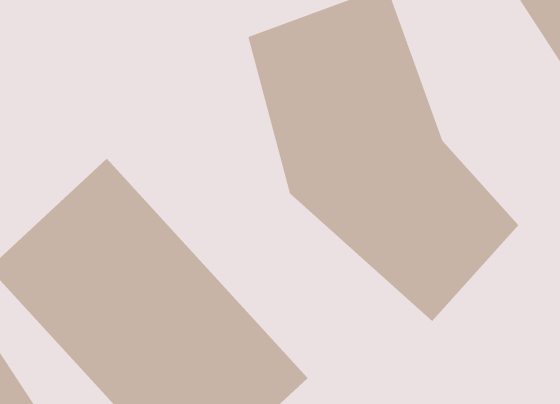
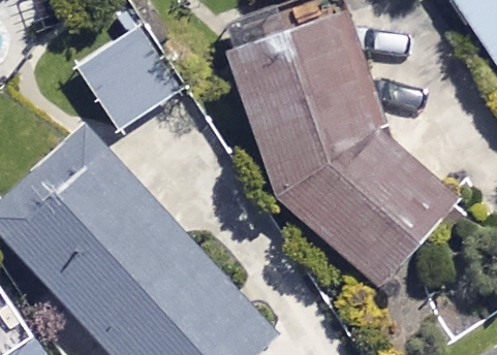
building: none -> [79,27,184,130]

